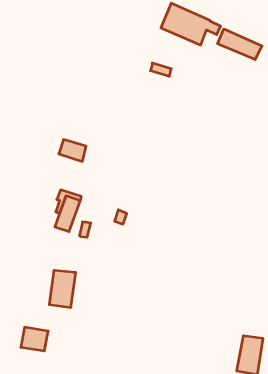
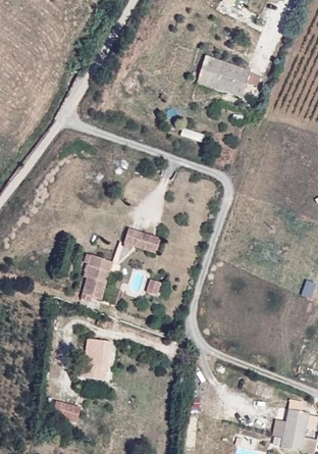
building: [218,29,262,60] -> none
building: [59,140,86,161] -> [123,226,153,250]

